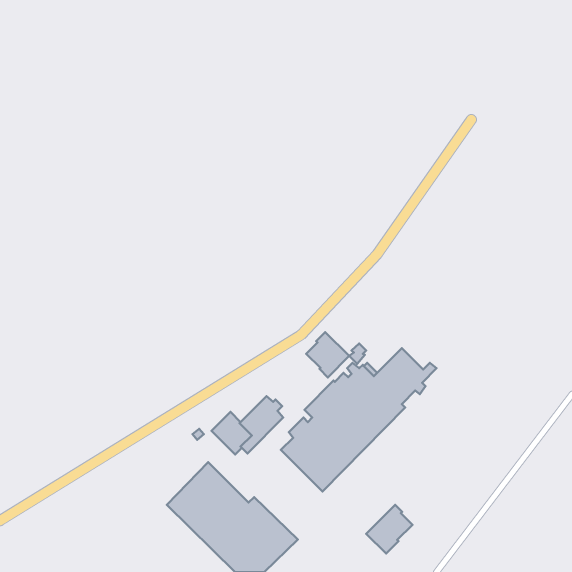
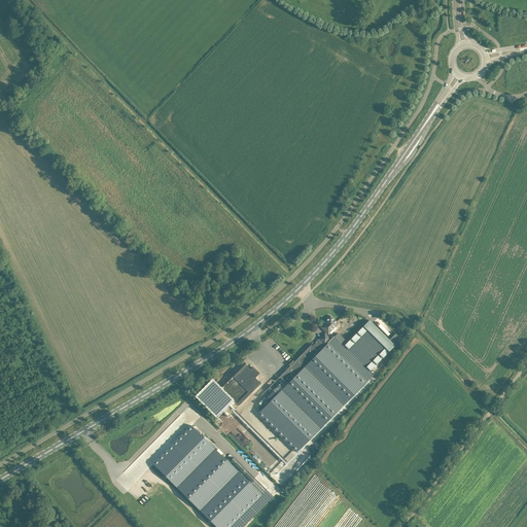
building: [306,332,349,377] -> none
building: [366,505,412,554] -> none

